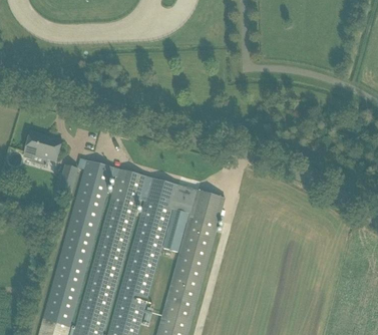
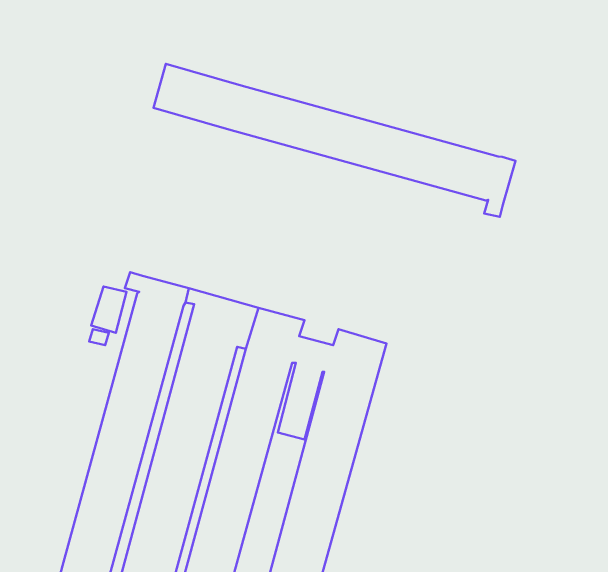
building: none -> [153,64,515,217]
building: [24,130,62,161] -> none

